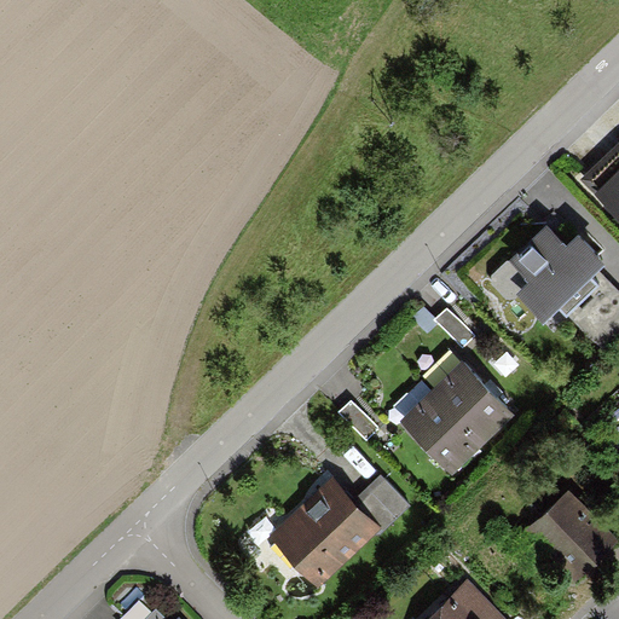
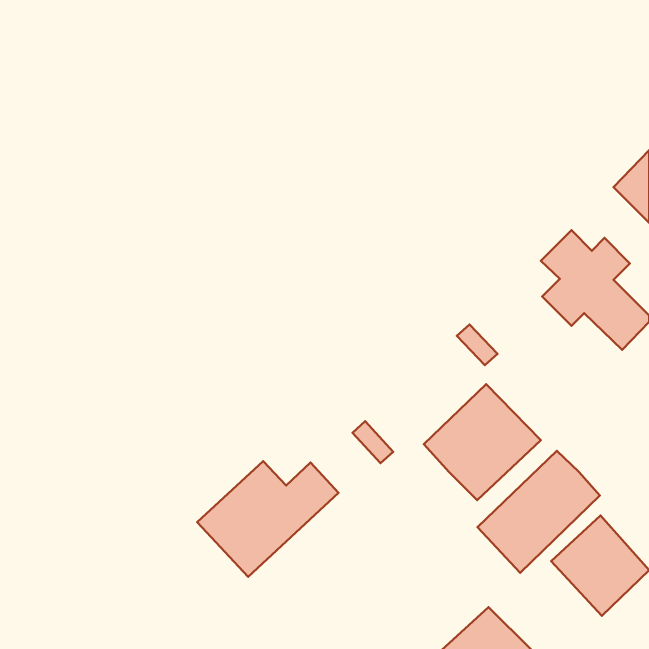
building: none -> [478,451,600,573]
building: [267,474,401,584] -> [197,461,338,577]

